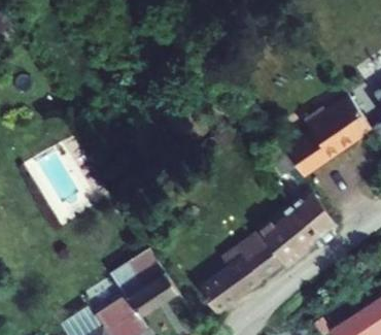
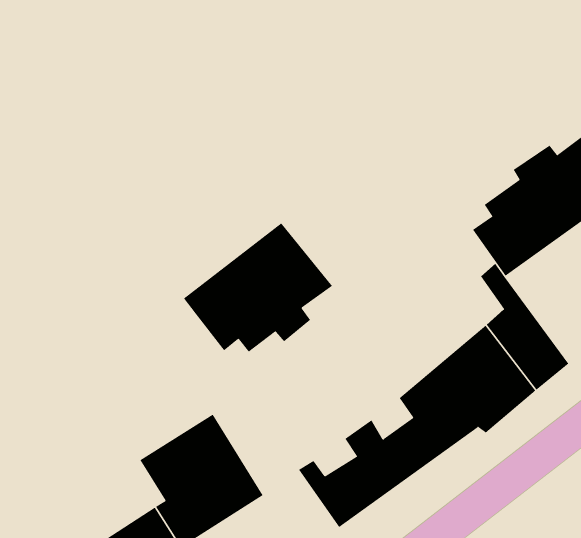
building: none -> [183,222,333,352]

